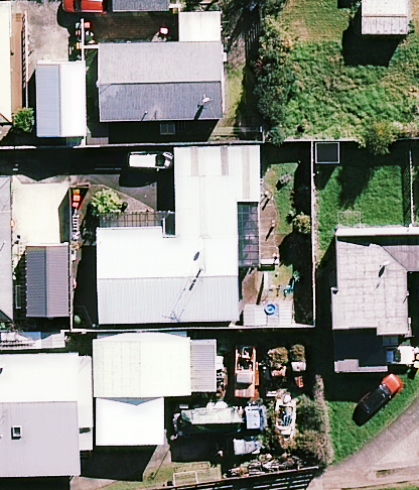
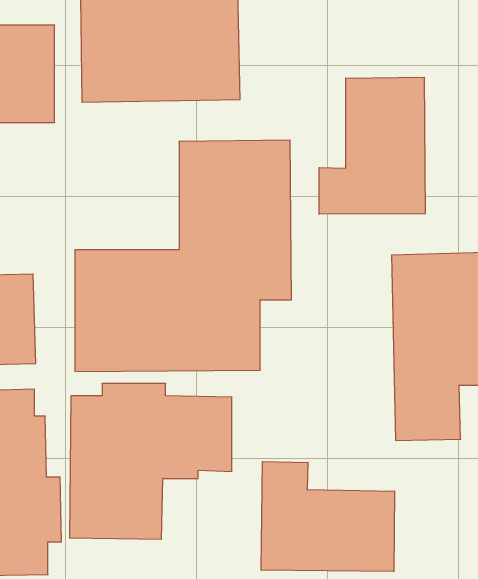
building: none -> [319,77,425,214]
building: none -> [261,462,394,572]

